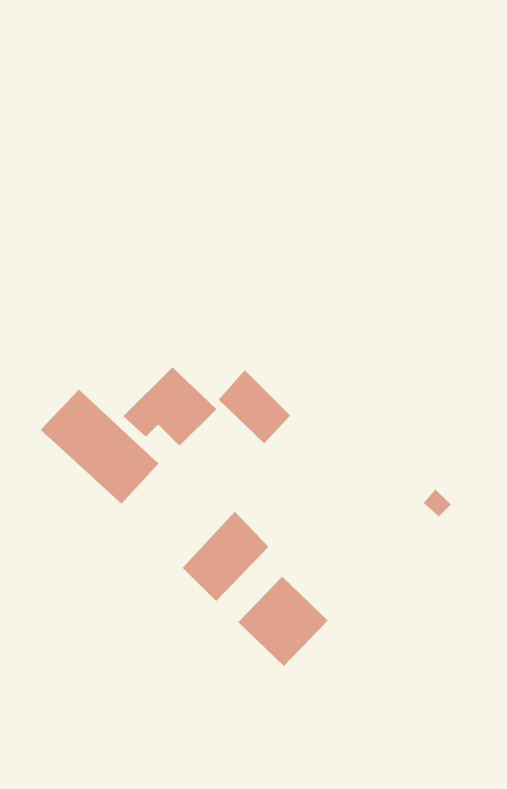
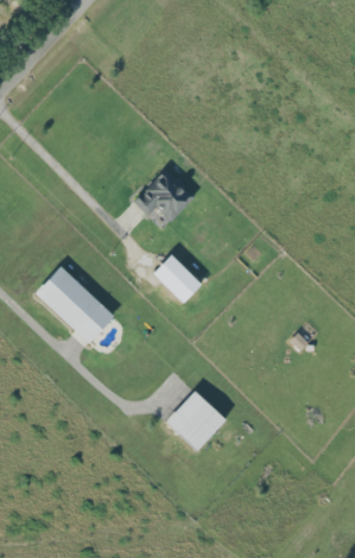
building: [123,366,217,447] -> [133,169,196,222]
building: [182,511,269,602] -> none

